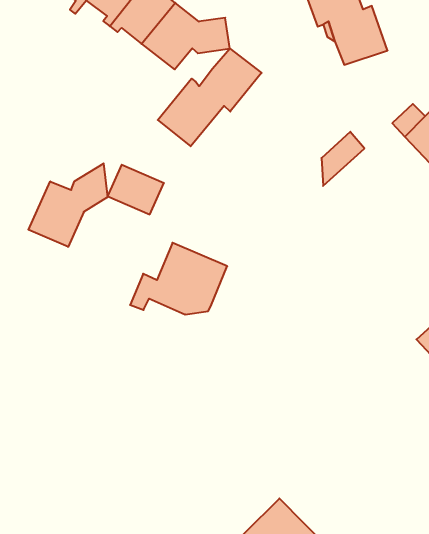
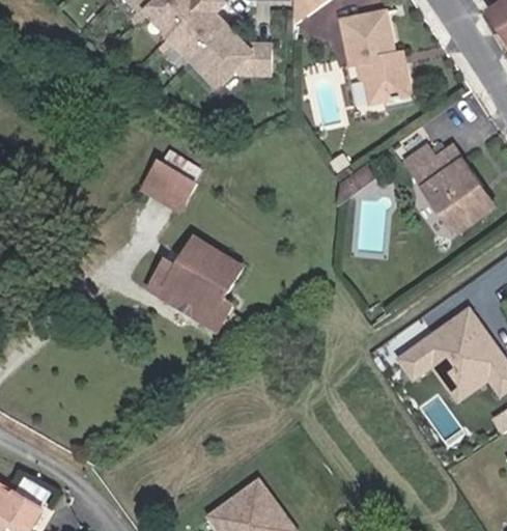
building: [158,49,262,146] -> none
building: [28,163,108,247] -> none
building: none -> [160,284,229,328]

